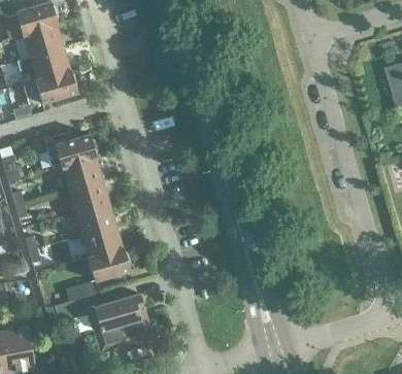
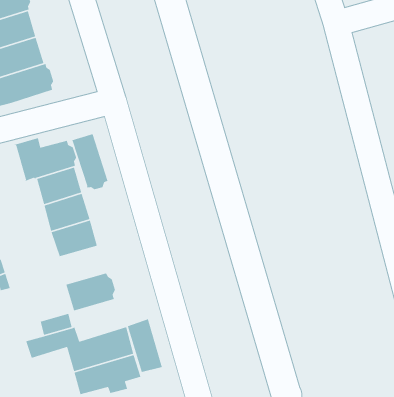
building: none -> [71,133,108,190]
building: [81,225,121,257] -> none
building: none -> [127,318,163,373]

